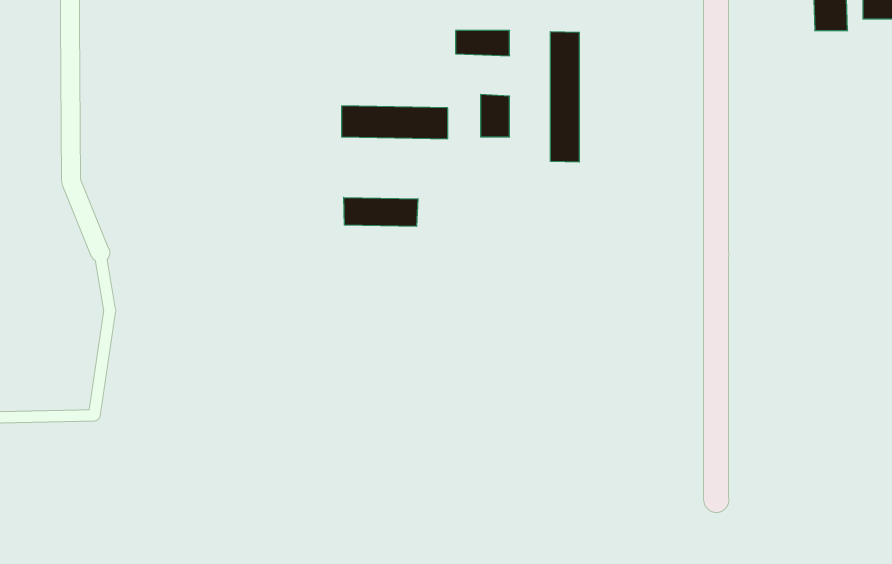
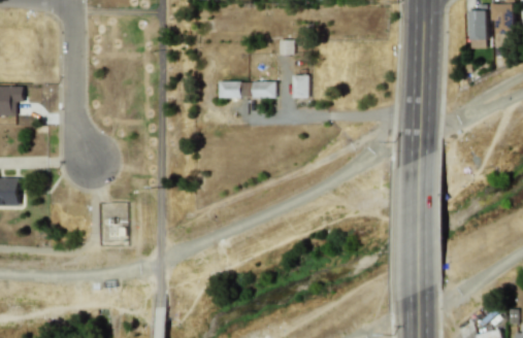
building: [550,32,579,162] -> none
building: [344,197,418,226] -> none

